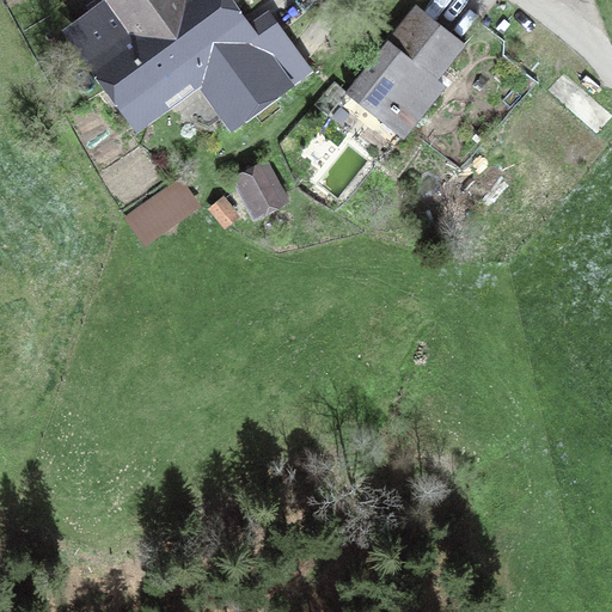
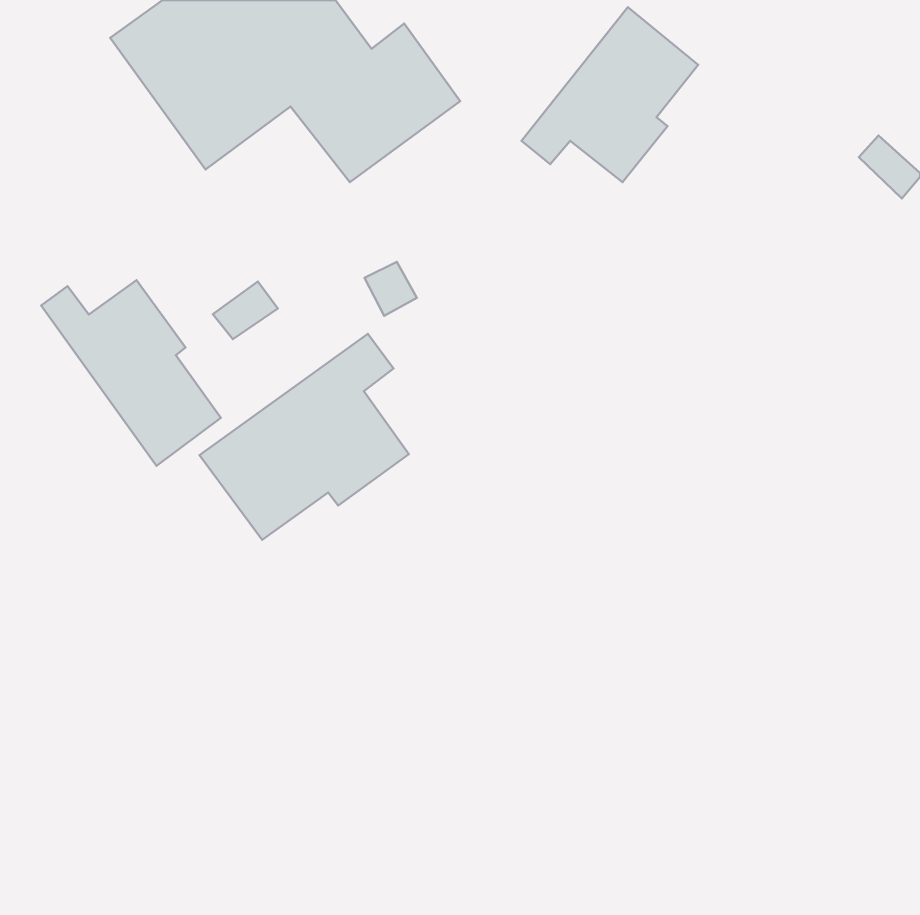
building: none -> [41,280,221,466]
building: none -> [200,334,409,540]

